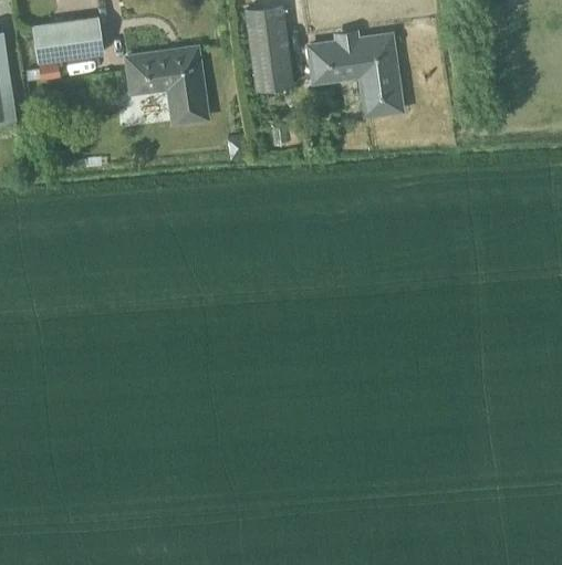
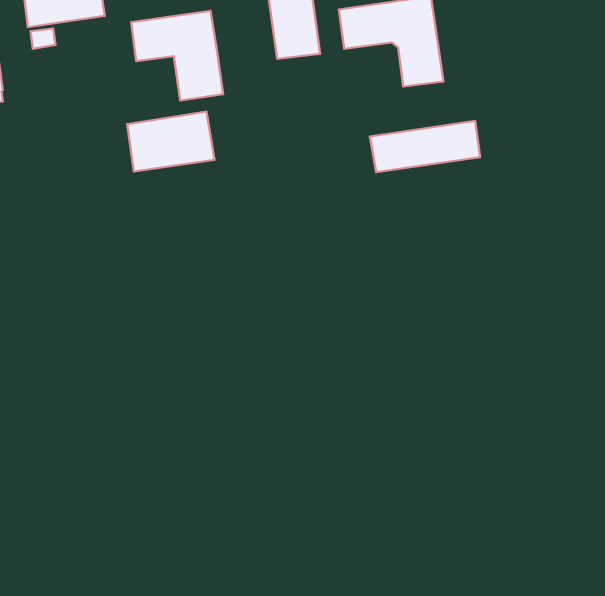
building: none -> [127,112,215,171]
building: none -> [370,121,480,172]

